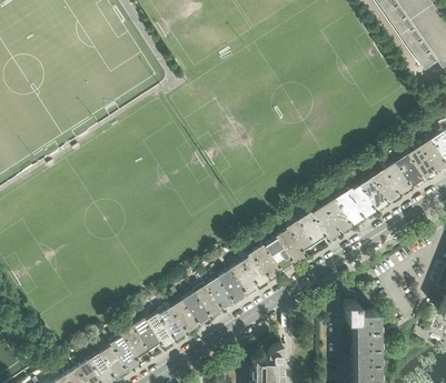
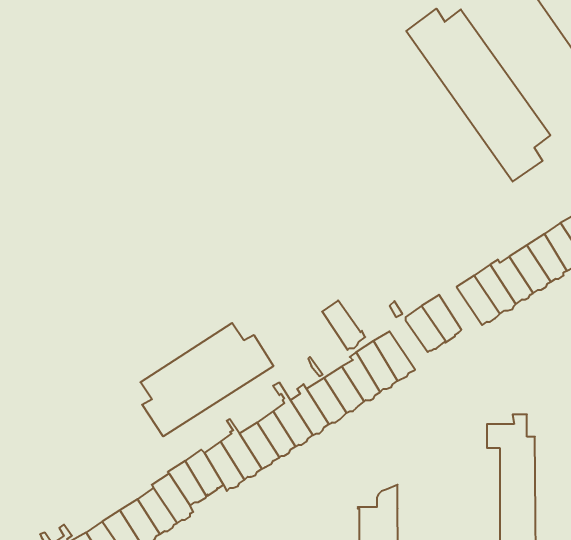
building: none -> [406,9,550,182]
building: [310,206,341,242] -> none
building: [277,230,307,264] -> [322,300,365,350]
building: none -> [140,323,273,436]

